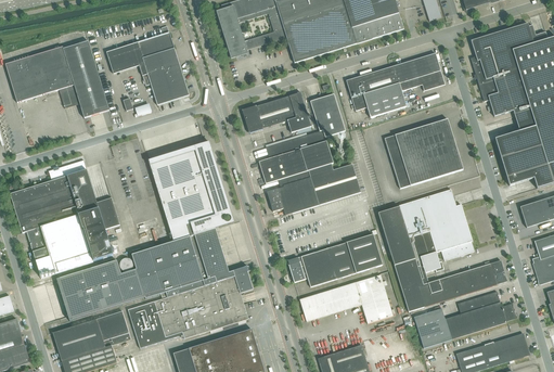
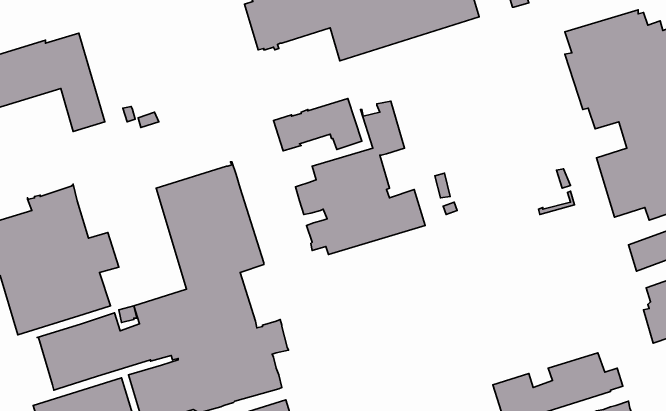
building: [107,25,189,104] -> none
building: [346,52,446,116] -> none
building: [385,118,463,188] -> none
building: [377,188,506,310] -> none
building: [287,233,383,286] -> none
building: [299,273,392,322] -> none

